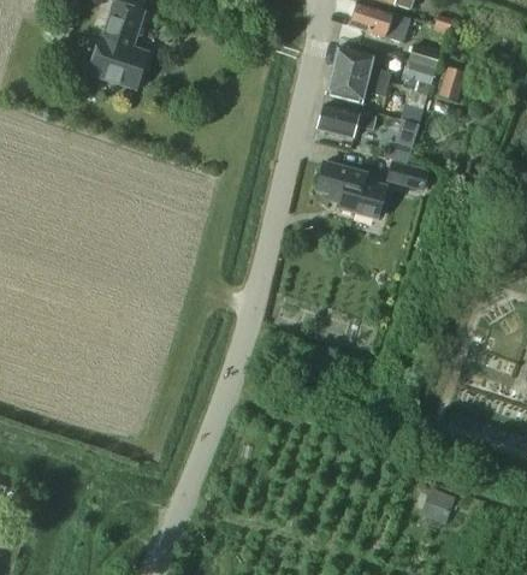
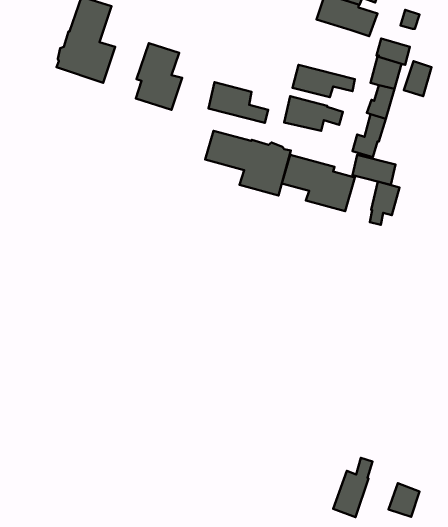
building: [332,45,392,85] -> [208,82,268,123]
building: none -> [136,43,182,110]
building: none -> [205,131,291,195]
building: none -> [370,182,399,225]
building: none -> [333,458,373,517]

